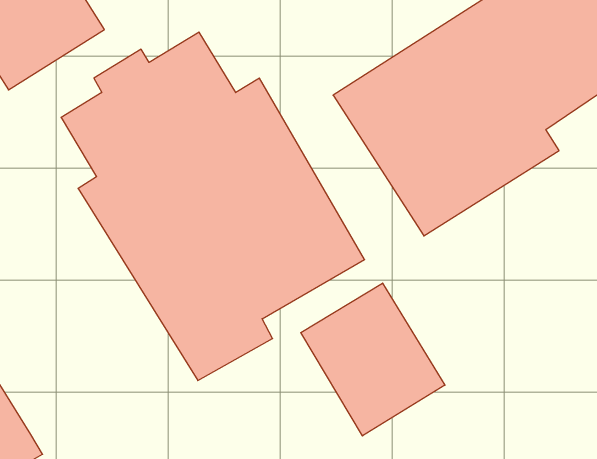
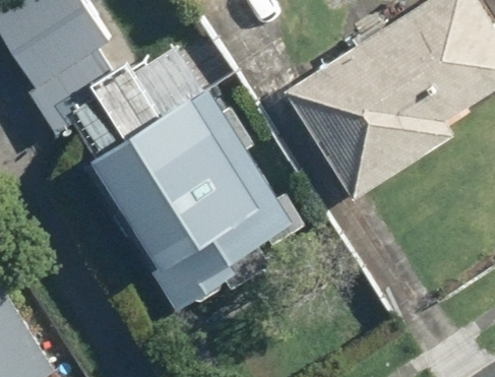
building: [301,283,445,436] -> none

